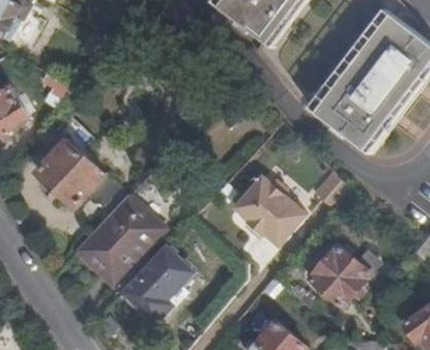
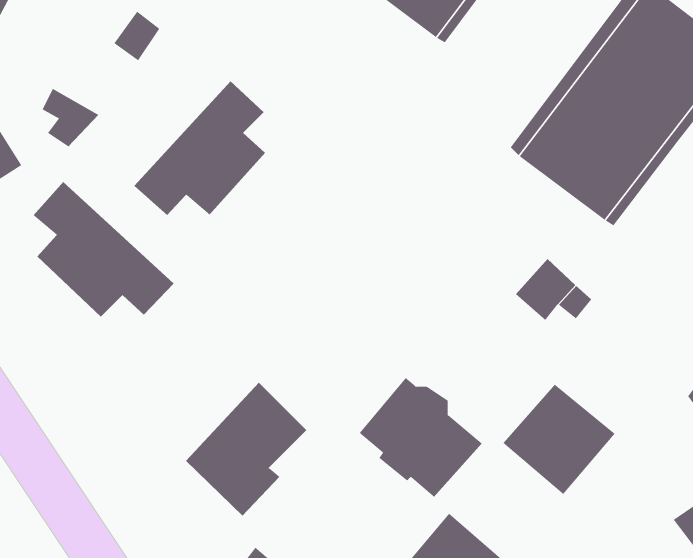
building: none -> [134,80,266,216]
building: [235,176,307,245] -> [359,377,483,497]
building: [75,194,162,282] -> none

